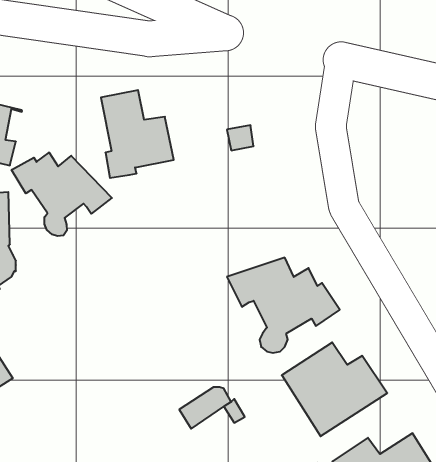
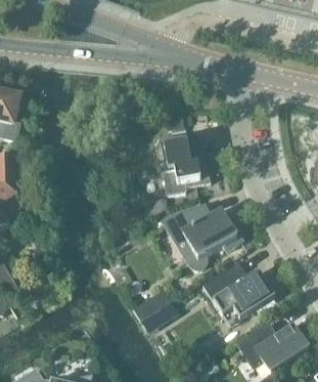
building: [101,90,174,178] -> [161,133,211,194]
building: [12,152,112,236] -> none

